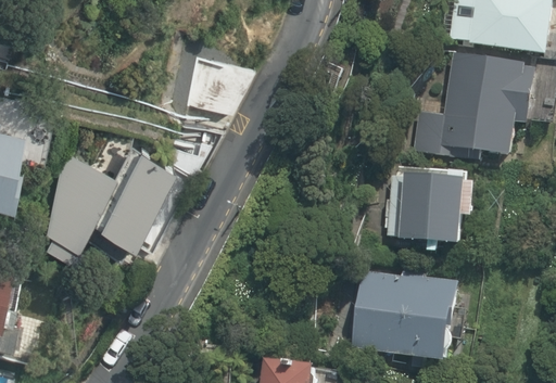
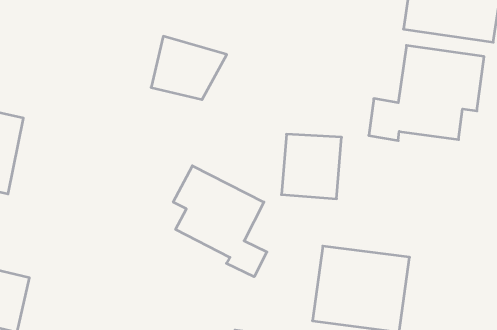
building: [43,140,163,255] -> none
building: [396,175,460,243] -> [281,134,342,199]
building: none -> [173,166,267,277]

